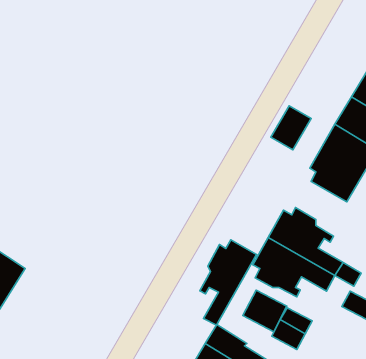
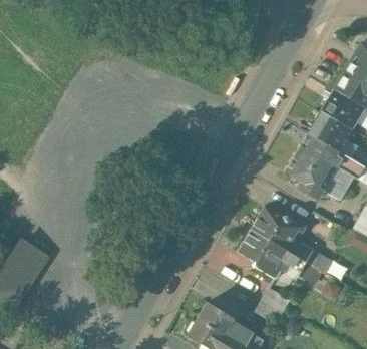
building: [271,106,311,150] -> none
building: [200,240,256,325] -> none
building: [243,290,287,332] -> none

